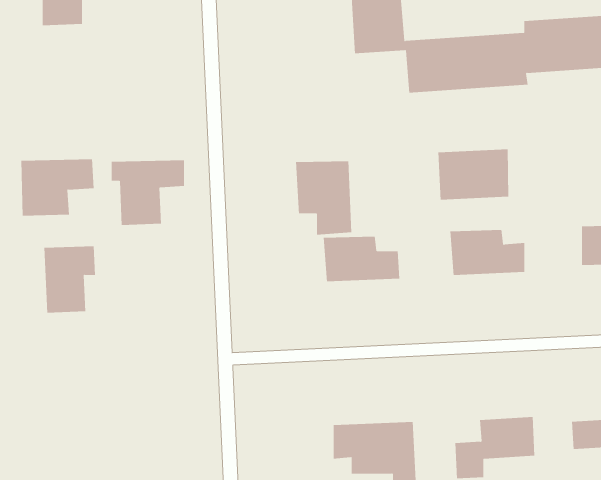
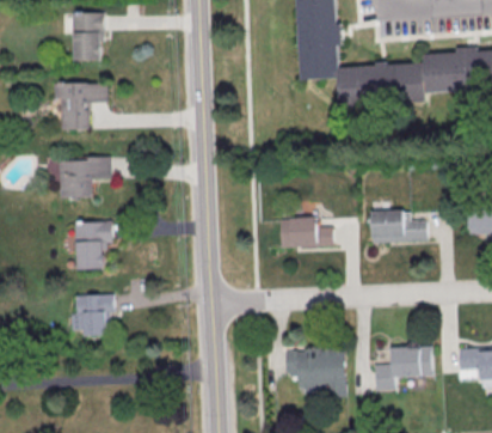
building: [438,149,509,200] -> none
building: [111,160,185,226] -> [55,83,109,130]
building: [295,160,352,236] -> none
building: none -> [73,294,116,339]

